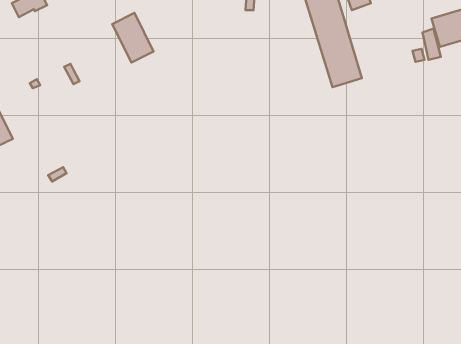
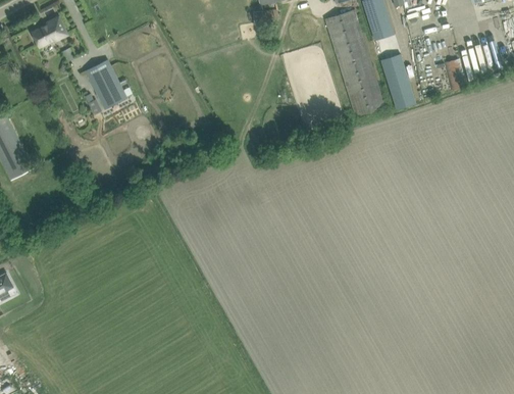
building: [112,13,154,63] -> [85,59,126,109]
building: none -> [379,53,416,109]

